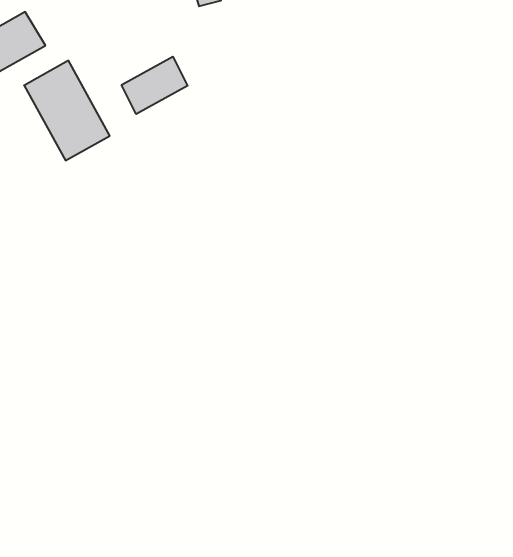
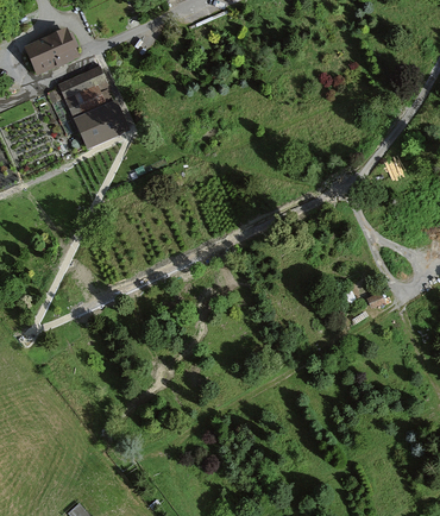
building: [122,57,188,114] -> none

